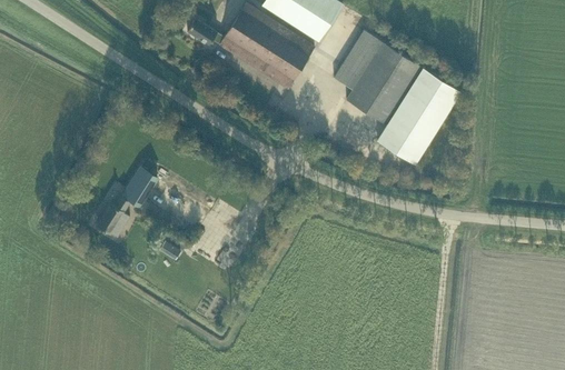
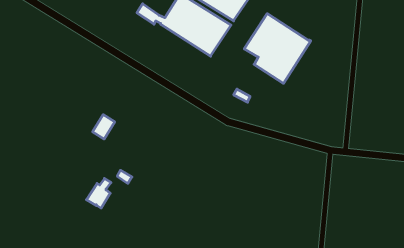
building: [376,68,460,164] -> none
building: [97,198,130,238] -> [86,178,111,208]

